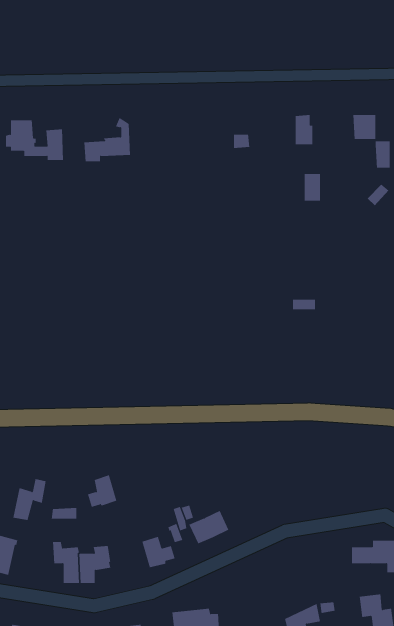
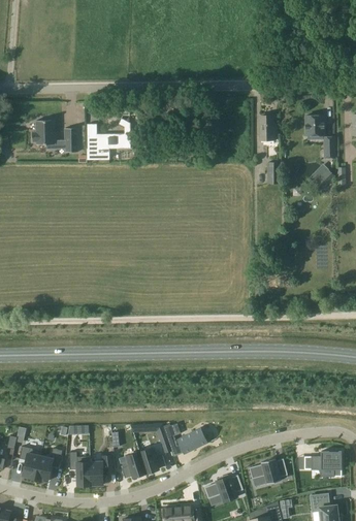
building: [87,475,117,507] -> [121,452,144,478]
building: [12,479,46,520] -> [34,448,61,481]
building: none -> [249,458,287,484]
building: none -> [203,476,241,501]

